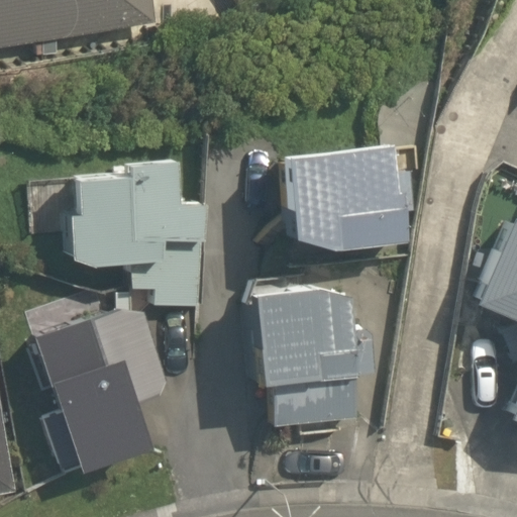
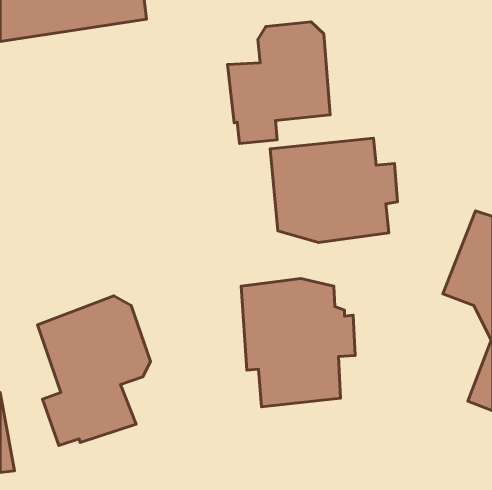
building: none -> [227,22,330,143]
building: [68,162,204,304] -> none

